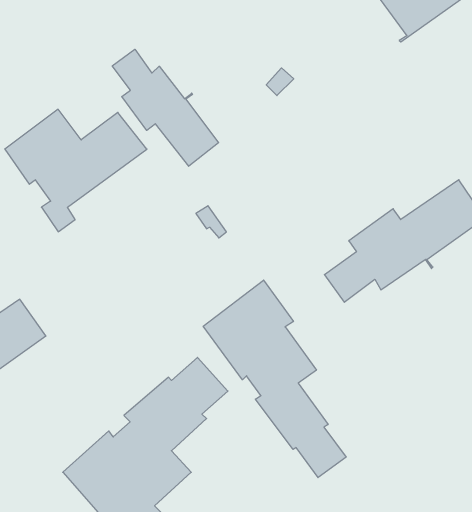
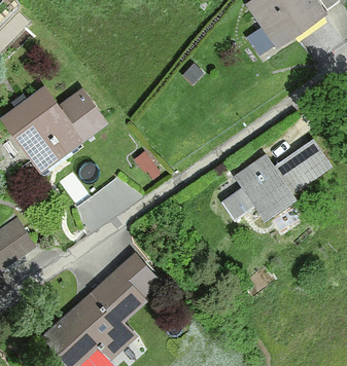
building: [112,49,219,166] -> none
building: [203,280,346,478] -> none

